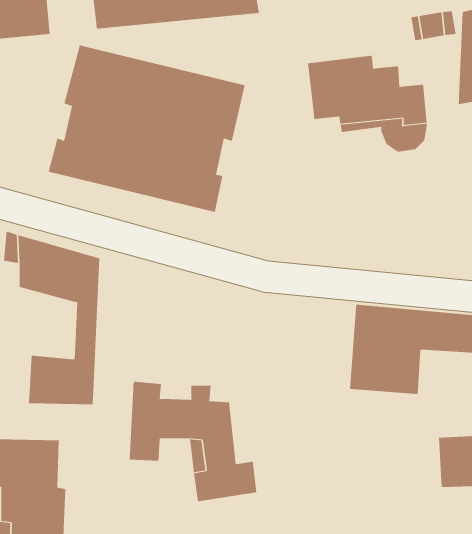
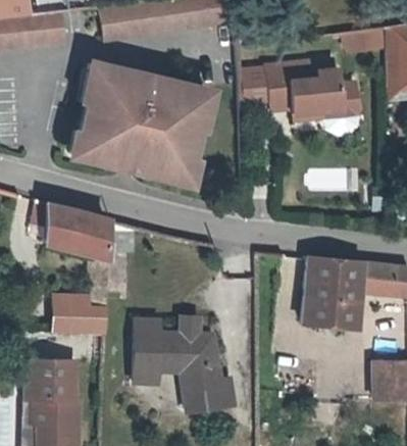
building: none -> [244,68,274,107]

